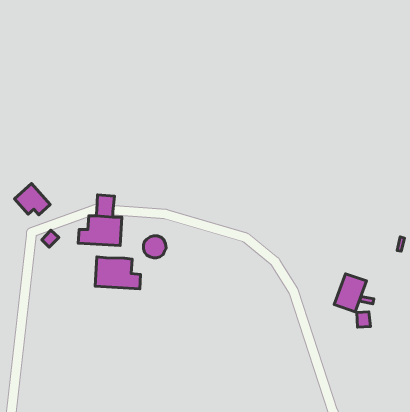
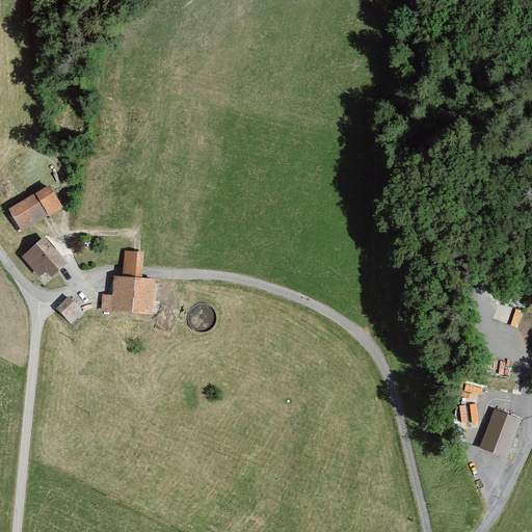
building: none -> [6,185,59,231]
building: [95,257,141,289] -> none
building: [334,274,366,312] -> [479,406,521,455]

